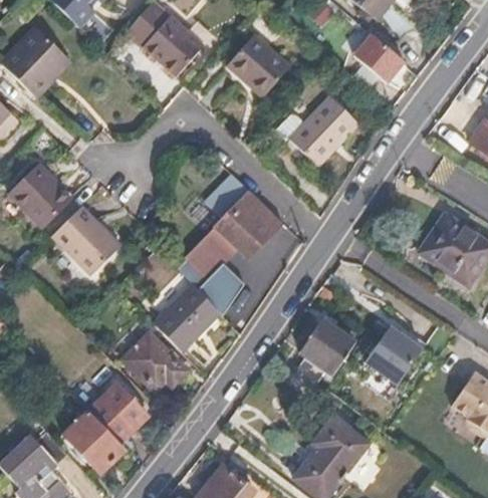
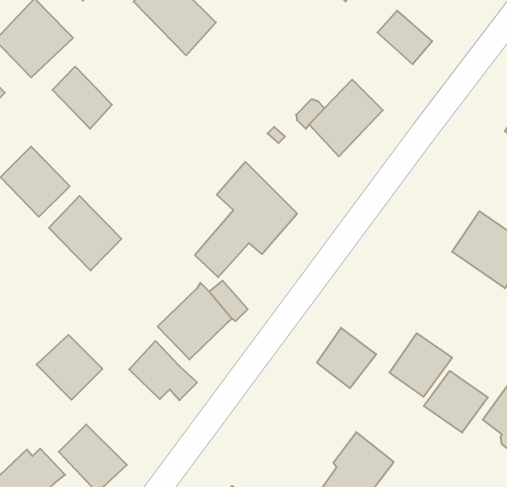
building: [230,32,293,94] -> none
building: none -> [52,67,112,129]
building: none -> [424,371,488,433]
building: [86,385,147,444] -> [36,335,102,400]

